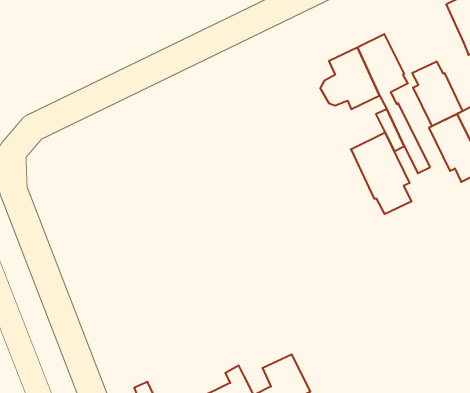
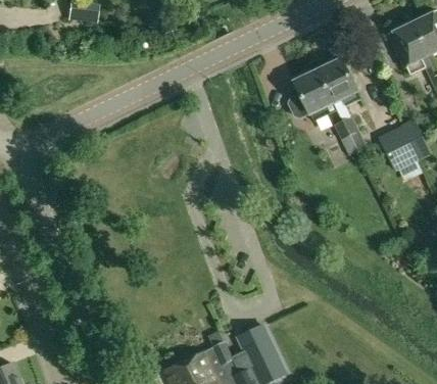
building: [412,61,462,126] -> none
building: [351,132,412,214] -> none

